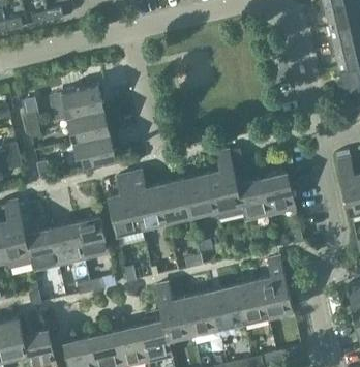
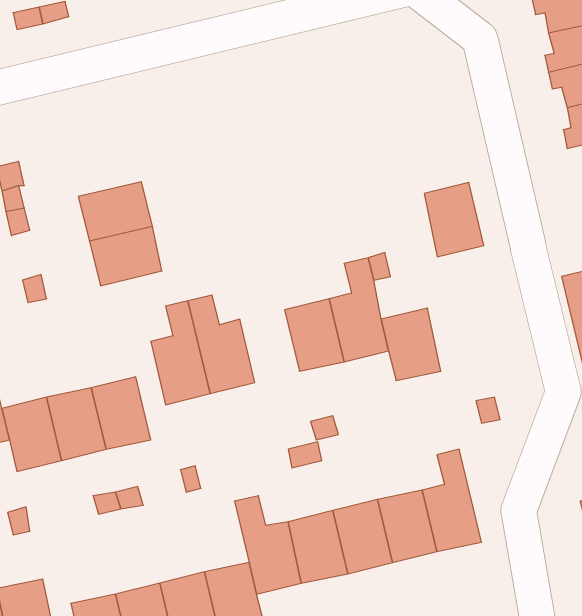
building: [62,85,102,118] -> none
building: [262,174,295,215] -> [424,182,484,257]
building: [157,181,190,221] -> none

